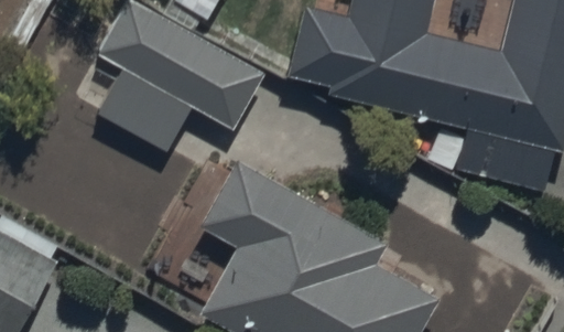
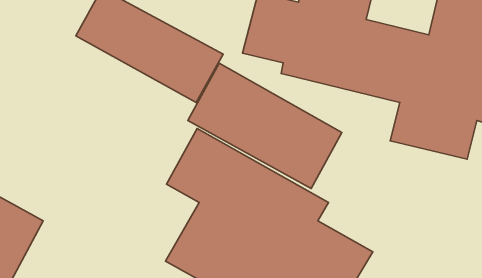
building: none -> [188,63,342,189]

